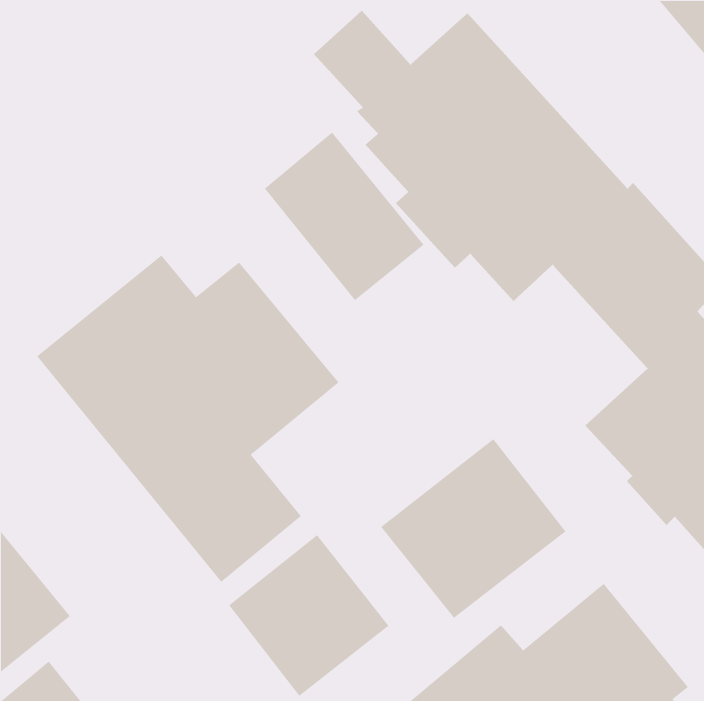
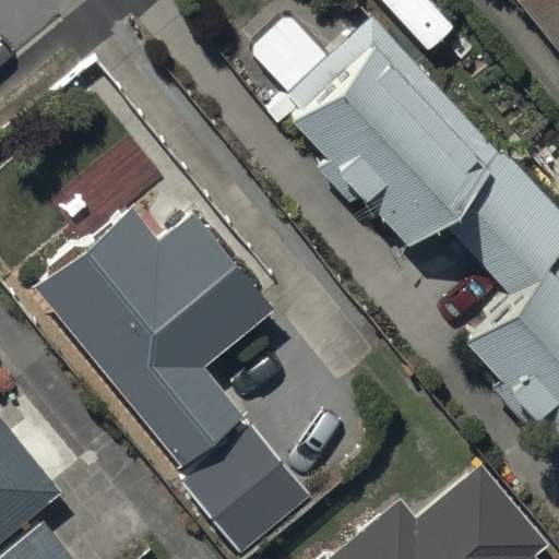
building: [264,132,425,301] -> none
building: [380,438,566,619] -> none

